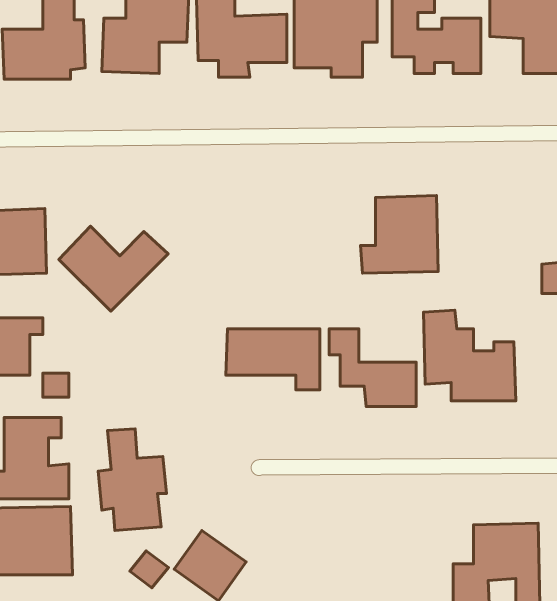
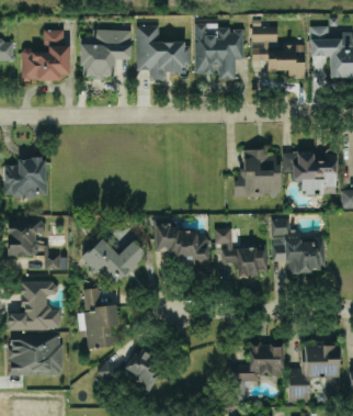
building: none -> [283,153,337,193]
building: [59,226,168,311] -> [82,237,147,288]
building: none -> [230,344,282,379]

